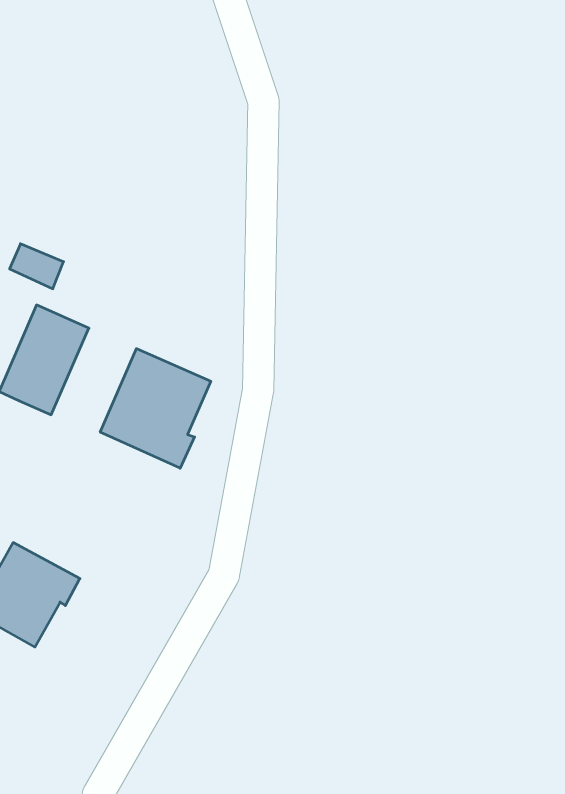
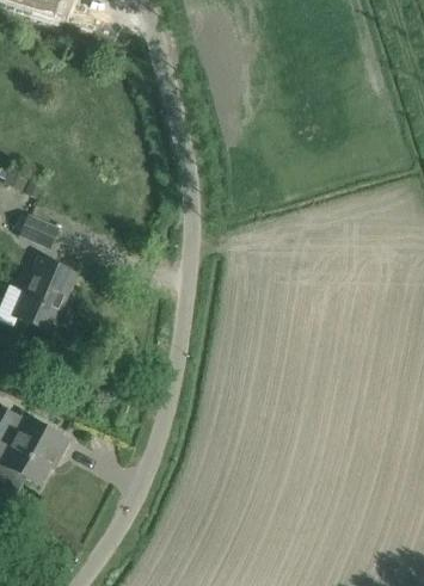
building: [100,349,211,468] -> none

